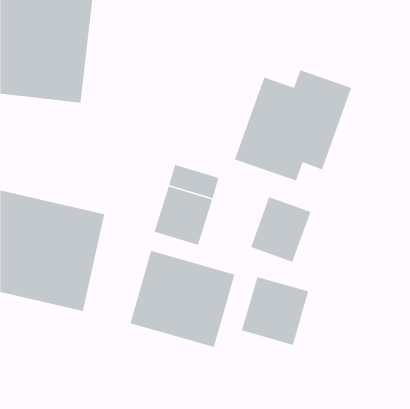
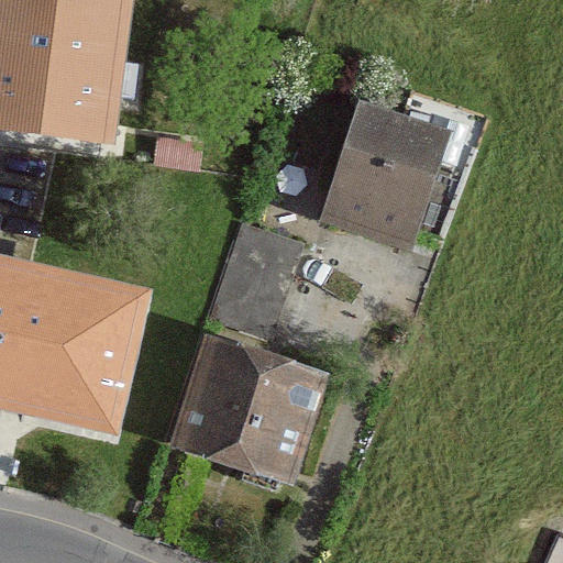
building: [250,196,311,263] -> none
building: [241,276,309,346] -> none

